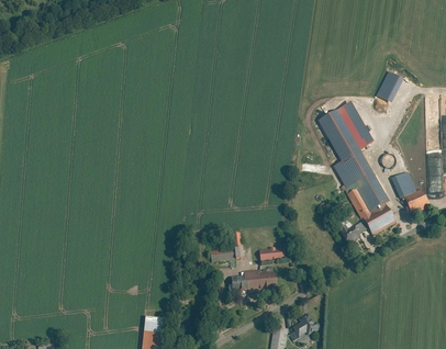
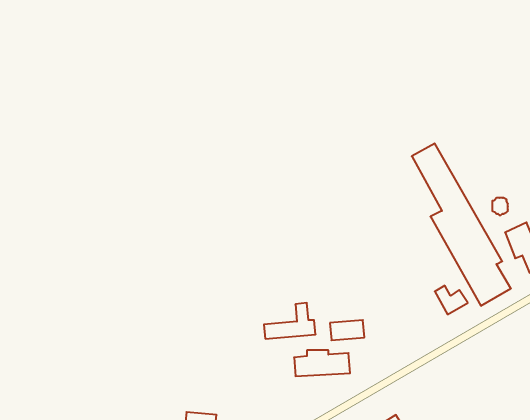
building: [377,71,404,103] -> none

